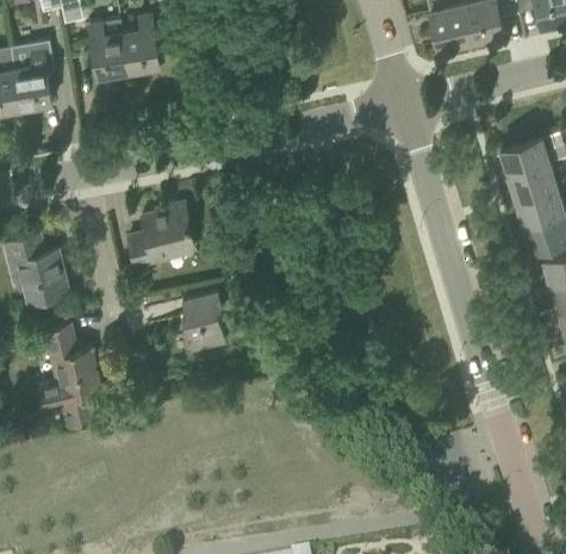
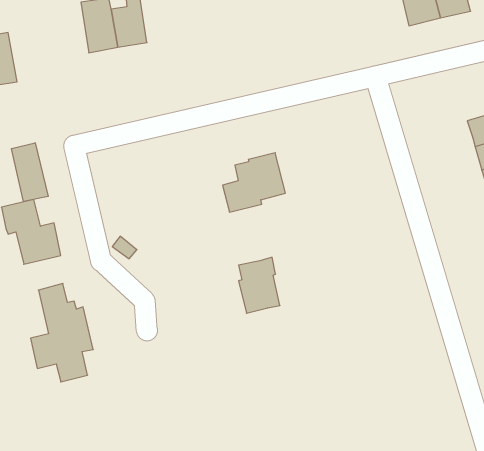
building: [10,38,52,106] -> none
building: none -> [11,143,48,201]
building: [127,200,194,263] -> [223,153,285,212]
building: [181,291,225,350] -> [239,257,280,313]

